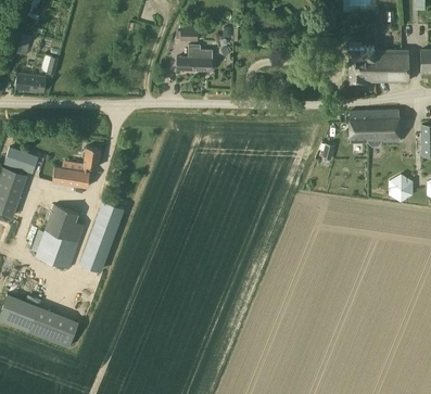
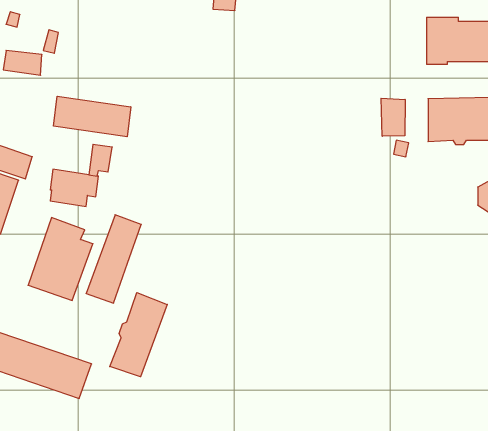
building: [177,45,212,72] -> none
building: none -> [54,96,131,137]
building: none -> [381,98,405,136]
building: none -> [110,293,167,377]

